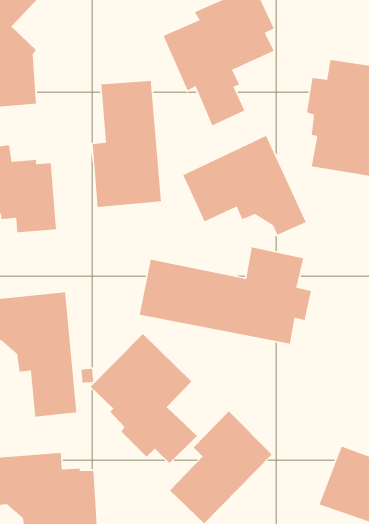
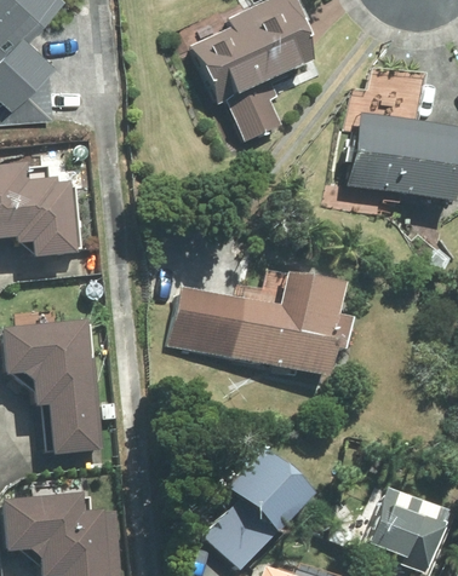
building: [92,80,162,208] -> none
building: [182,135,307,236] -> none
building: [90,333,198,464] -> none

